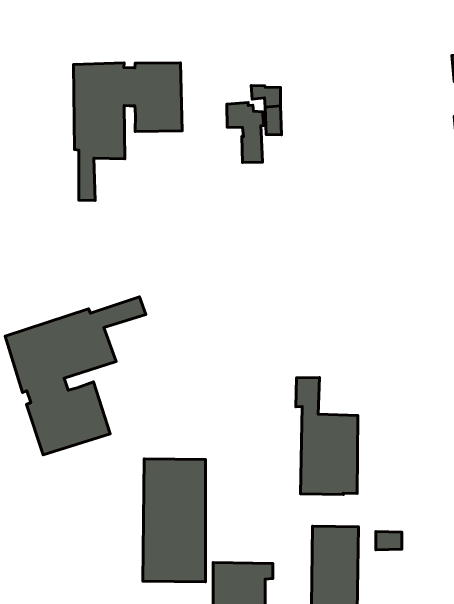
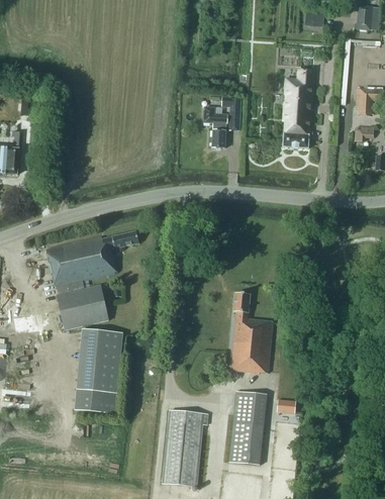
building: none -> [279,69,313,148]
building: [74,63,182,200] -> none
building: [143,459,206,582] -> [74,328,122,413]

